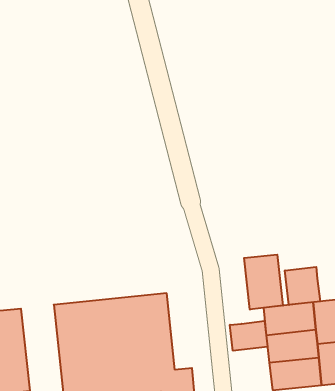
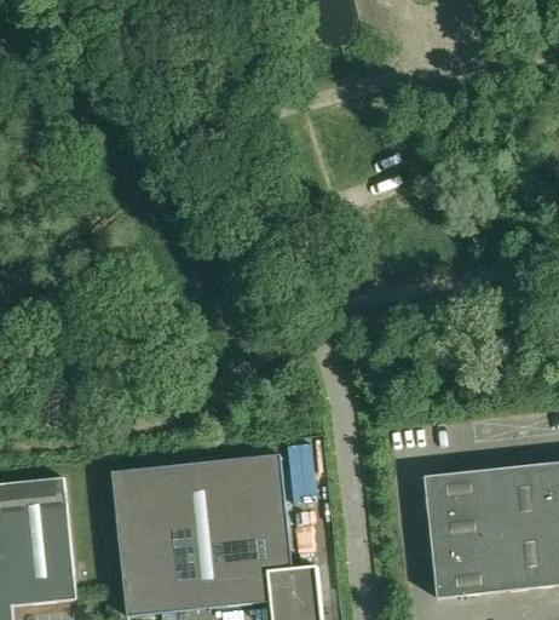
building: [244,255,283,310] -> none
building: [285,267,320,305] -> none
building: [230,321,267,351] -> none

